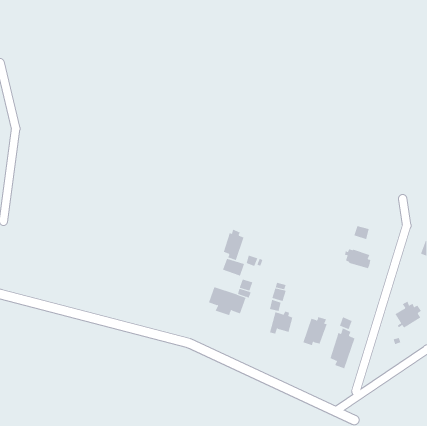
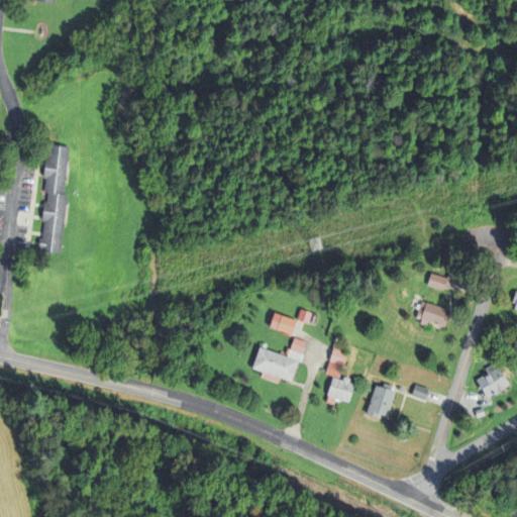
building: none -> [38,143,69,254]
building: [223,229,244,261] -> none
building: [330,328,355,369] -> none

